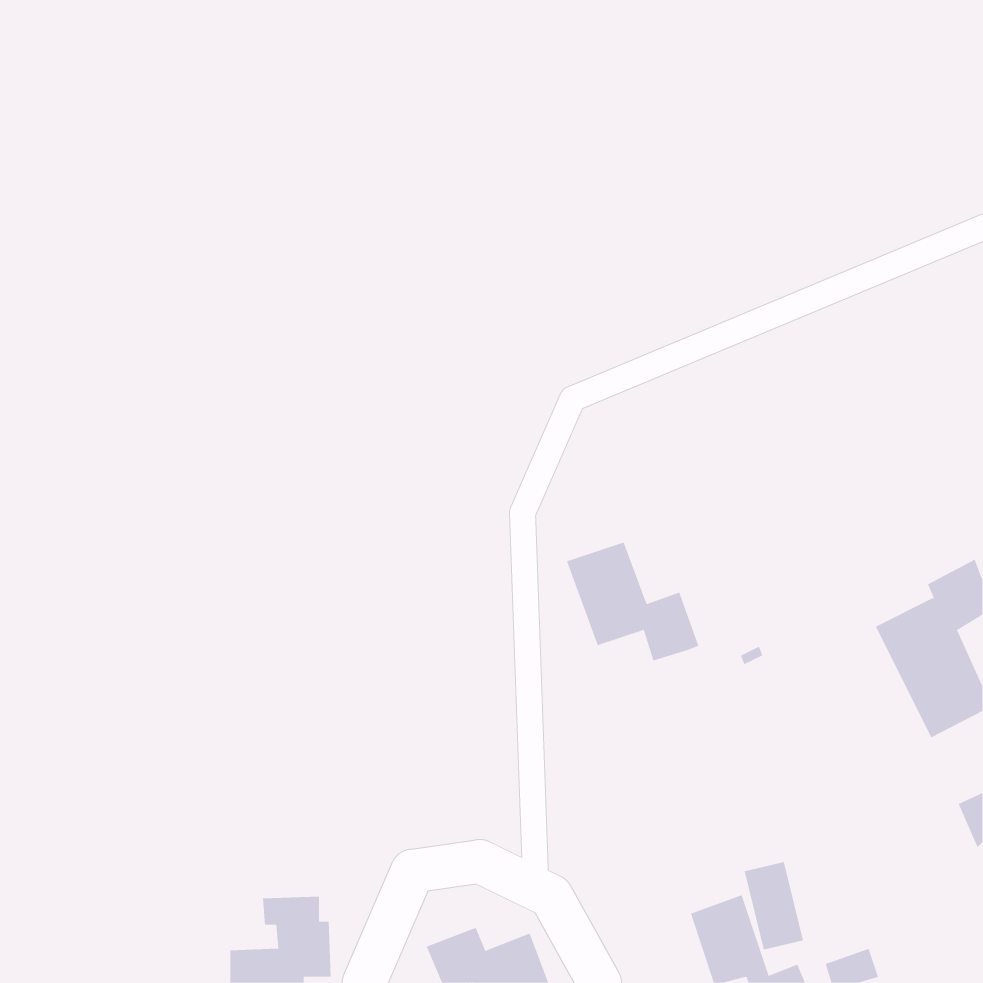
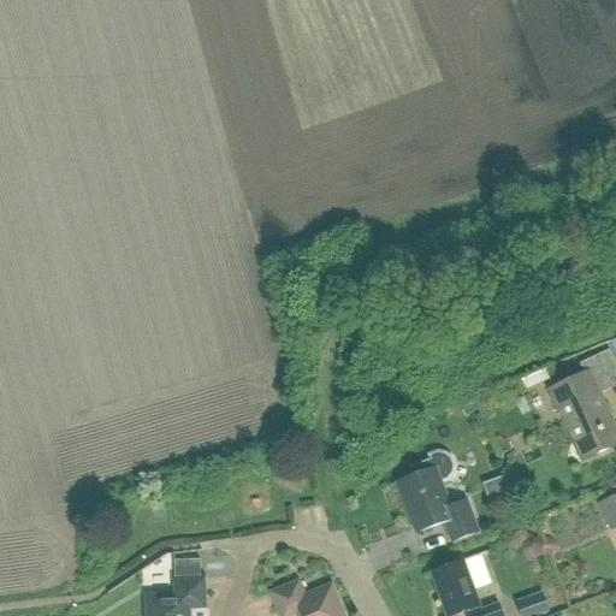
building: [566,542,699,661] -> [397,467,480,541]

